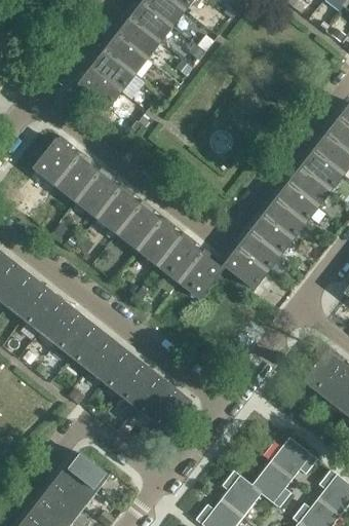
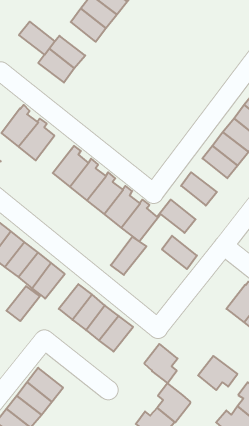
building: [104,35,147,75] -> [19,22,55,55]
building: [75,167,118,217] -> none
building: [262,199,305,239] -> none
building: [237,232,279,272] -> [162,236,197,269]
building: none -> [111,237,146,275]
building: [86,338,126,380] -> [6,286,40,321]
building: [251,460,292,508] -> [144,344,178,383]

